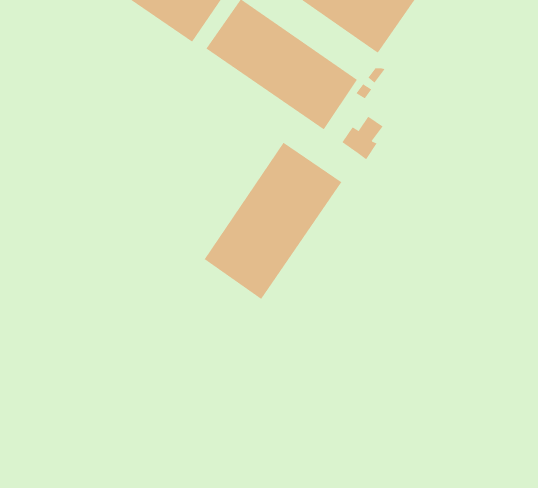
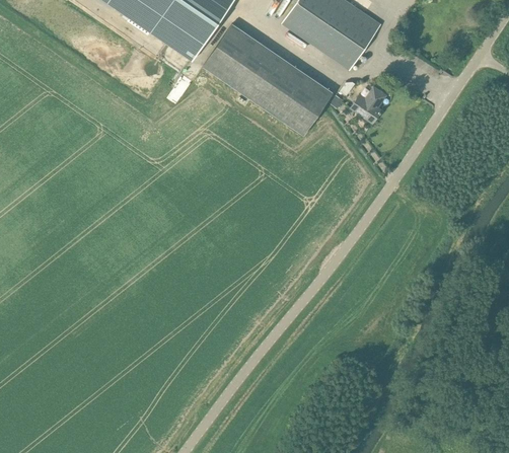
building: [341,116,383,160] -> [352,86,387,124]
building: [204,142,342,300] -> none

